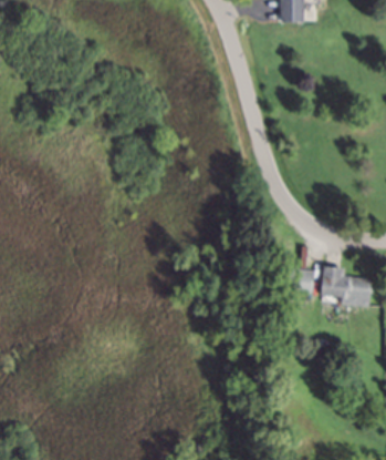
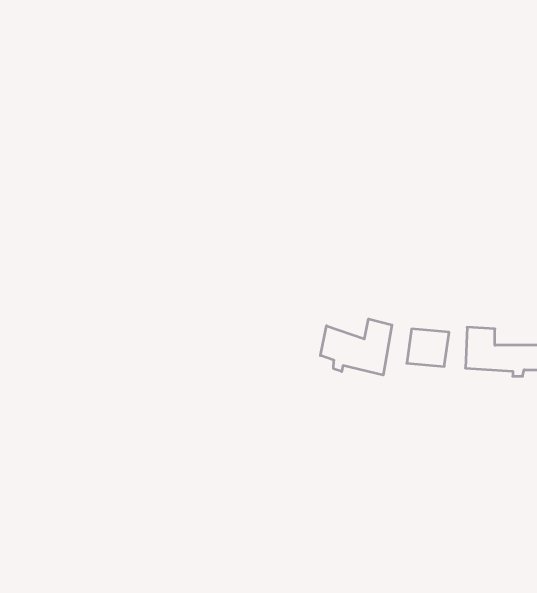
building: none -> [320,319,392,375]

